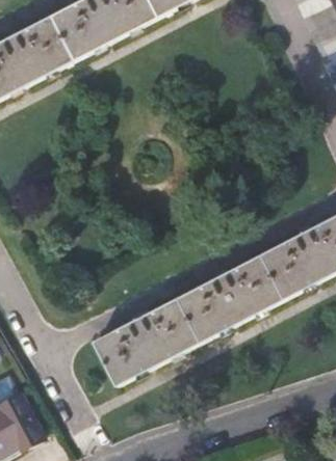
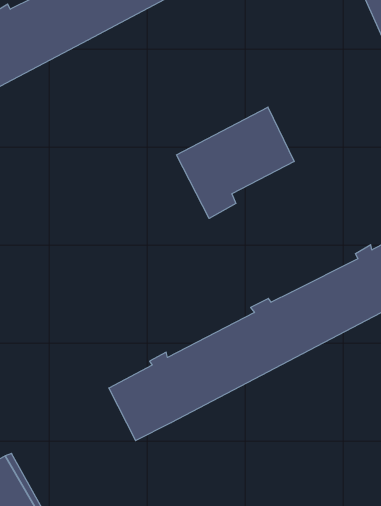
building: none -> [177,107,294,218]

